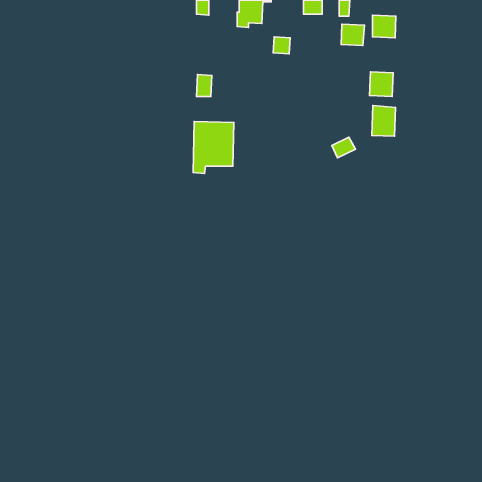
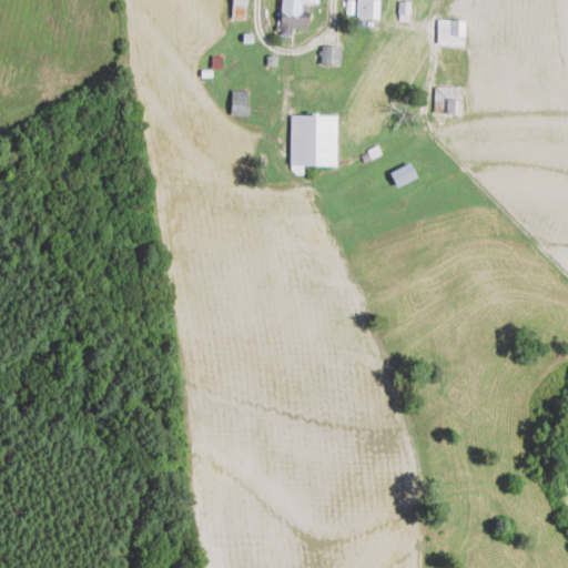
building: [341,24,365,45] -> none
building: [372,105,396,136] -> none
building: [193,122,234,174] -> [291,113,338,174]

